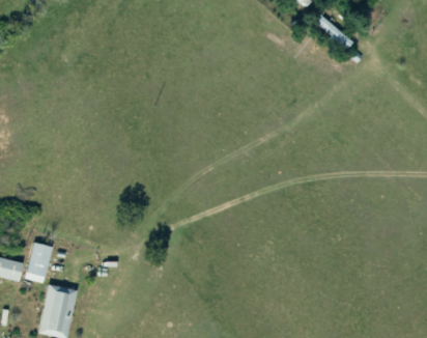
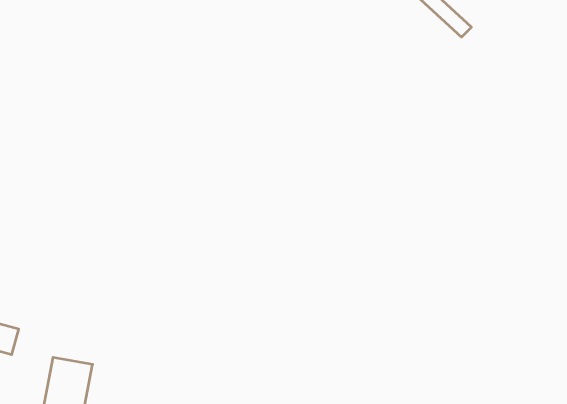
building: [25,242,53,282] -> none

